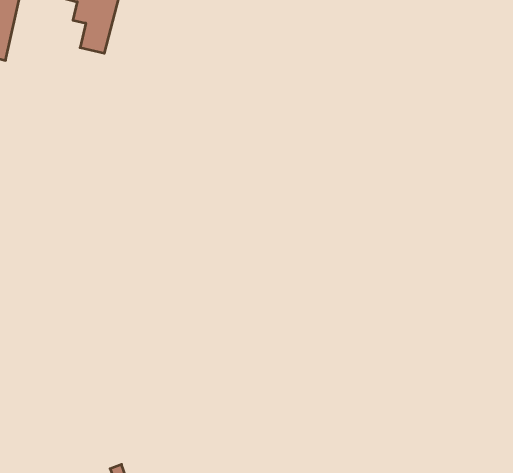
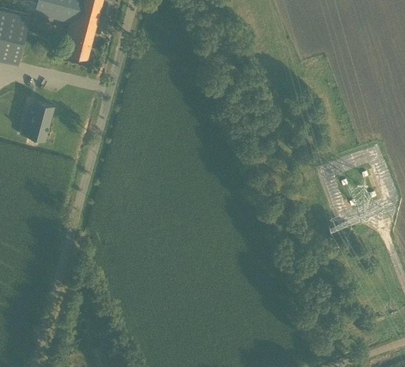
building: none -> [25,104,52,144]

